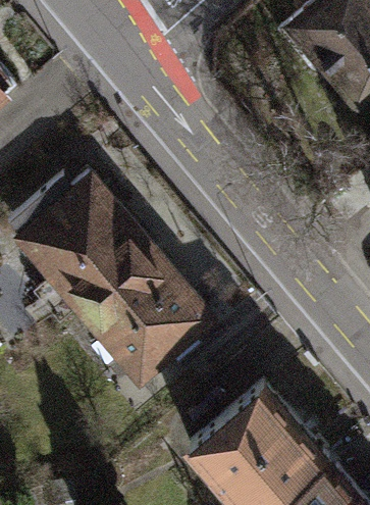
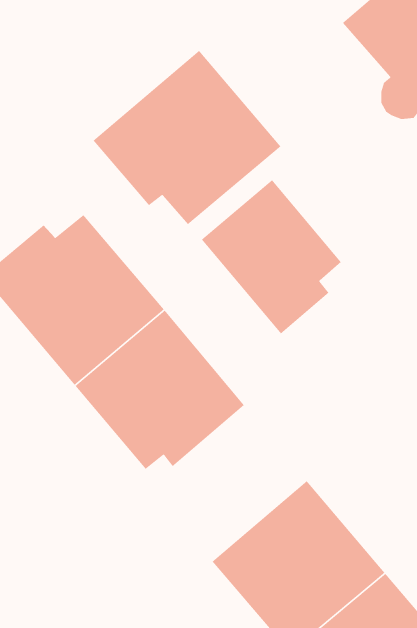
building: none -> [92,50,281,225]
building: none -> [201,179,342,334]

